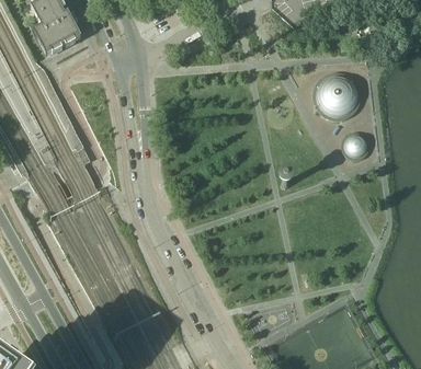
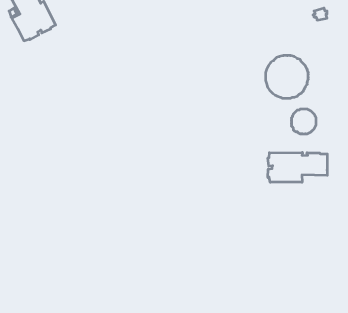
building: none -> [268,152,327,182]

